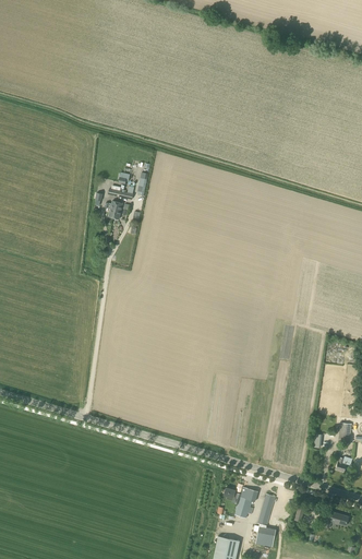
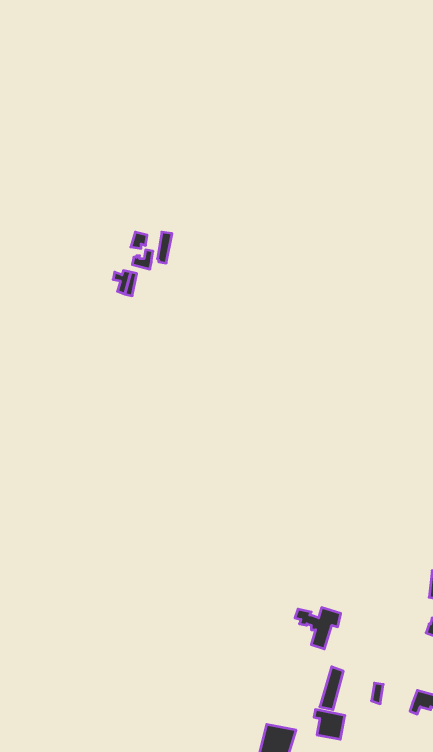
building: [224,487,257,518] -> [295,608,341,649]

